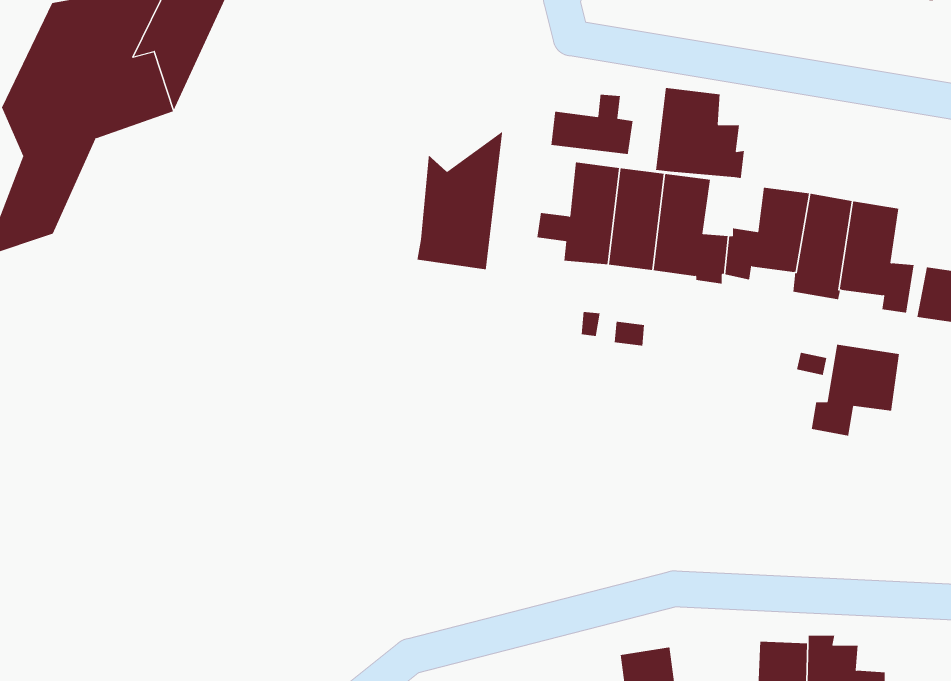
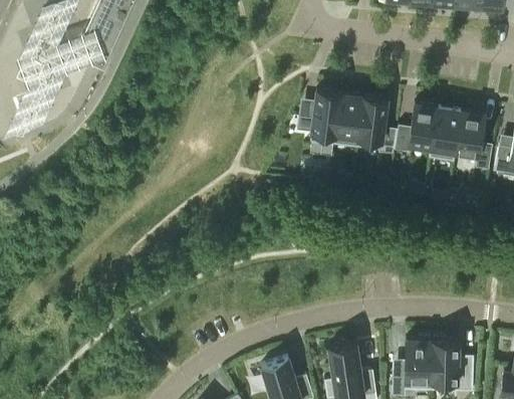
building: [656,87,745,179] -> none
building: [551,94,633,155] -> none
building: [417,130,503,270] -> none
building: [811,344,900,437] -> none

